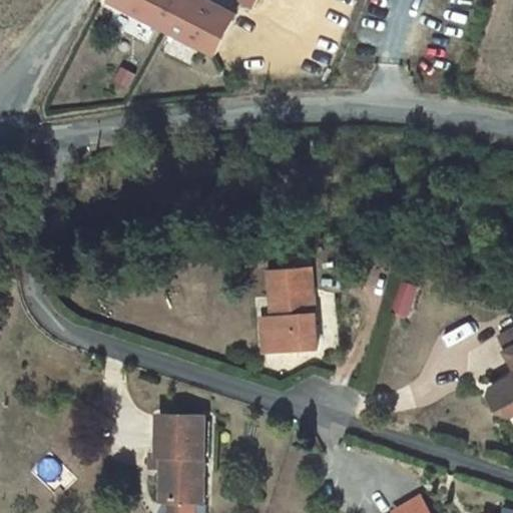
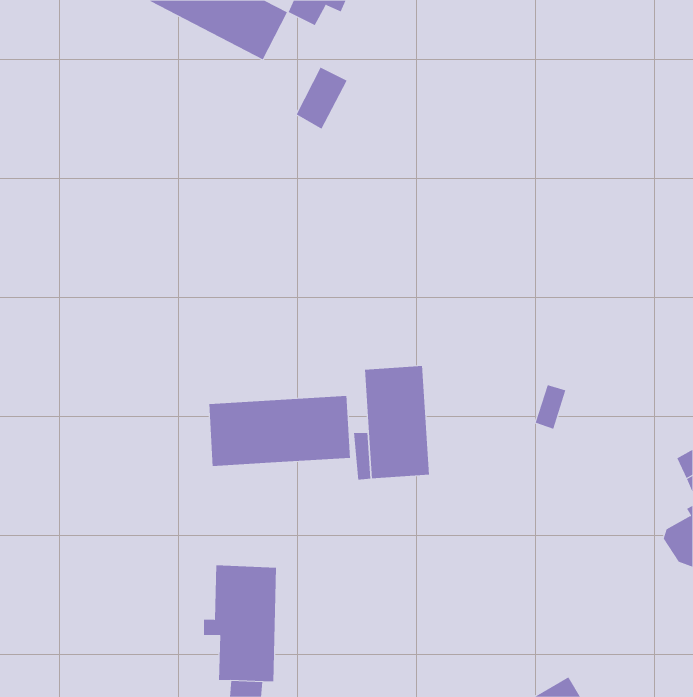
building: [193,9,231,55] -> [296,67,348,130]
building: none -> [209,395,350,467]

